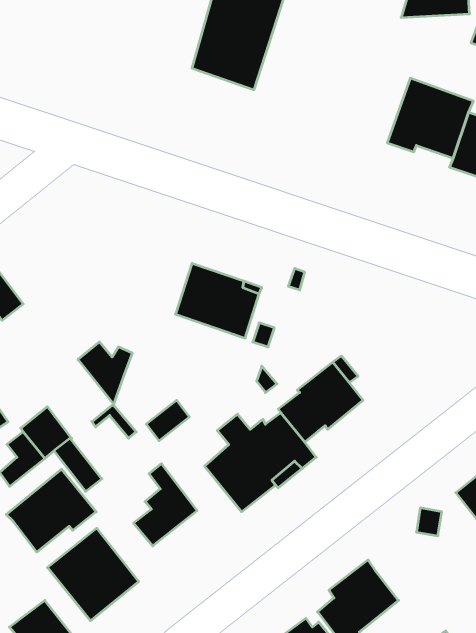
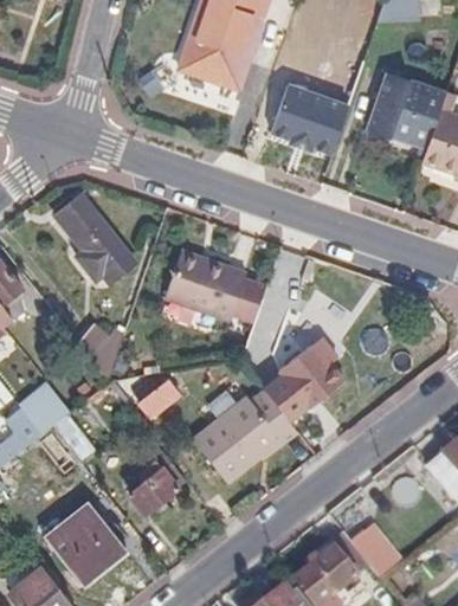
building: none -> [269,82,347,152]
building: none -> [56,200,129,273]
building: [6,469,96,552] -> none
building: none -> [353,522,405,578]

